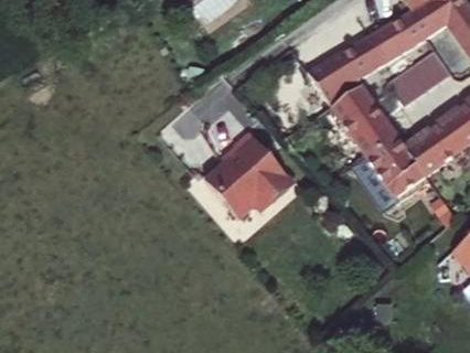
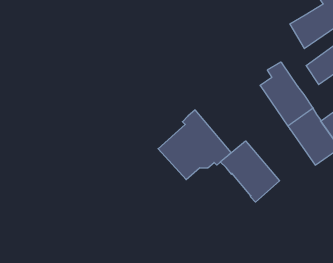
building: [310,30,387,105] -> none
building: none -> [220,141,280,202]

